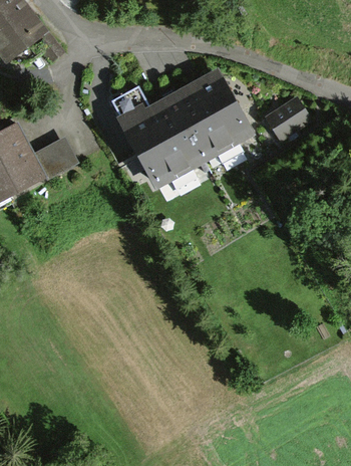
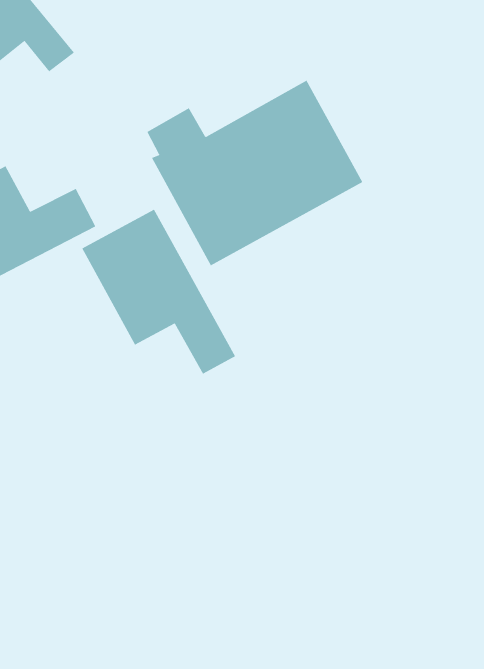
building: [264,95,313,141] -> none
building: none -> [82,209,236,374]

